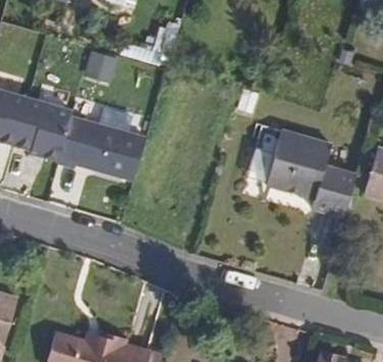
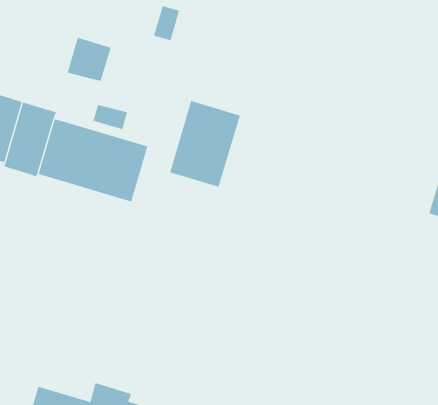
building: none -> [169,100,240,188]
building: [264,128,356,219] -> none

